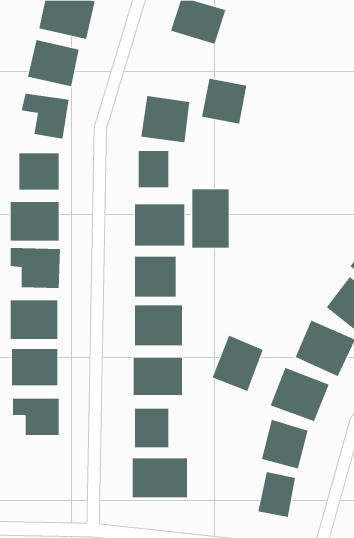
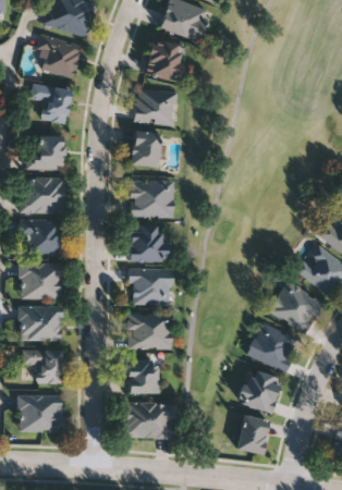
building: [201,78,247,124] -> [146,40,186,81]
building: [192,188,229,248] -> none
building: [212,335,264,392] -> none
building: none -> [19,395,61,432]

